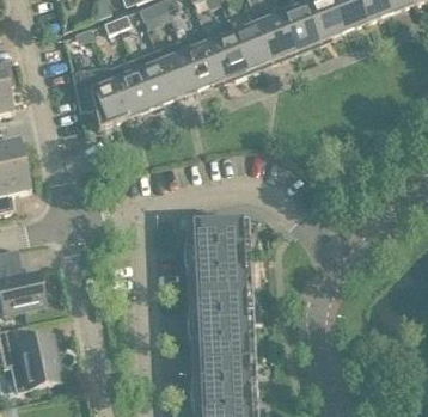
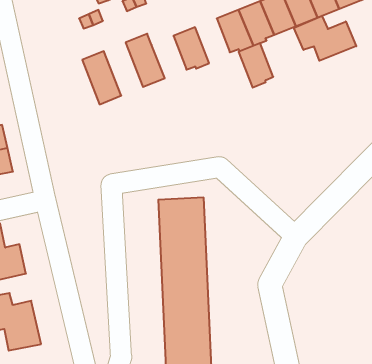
building: none -> [294,16,356,61]
building: [232,23,270,72] -> [239,43,273,88]
building: [184,42,222,88] -> none
building: [132,49,175,108] -> none
building: [72,66,127,128] -> none

